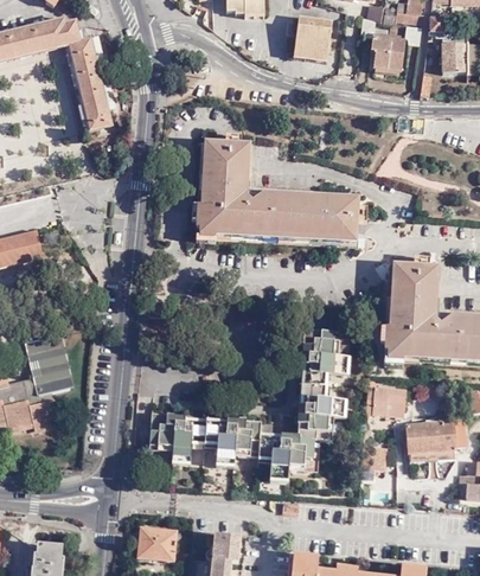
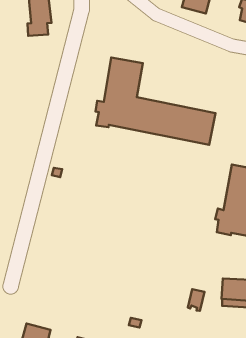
building: [149,332,346,478] -> none
building: [367,388,409,417] -> none

